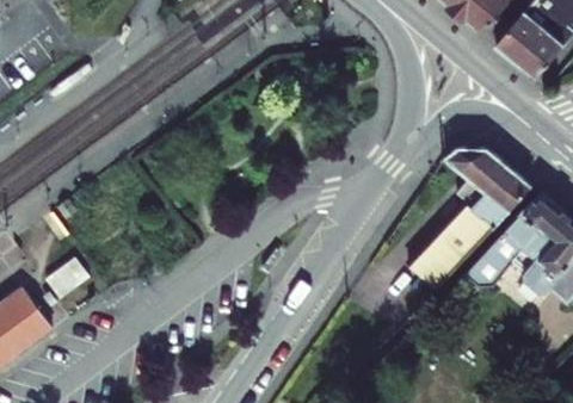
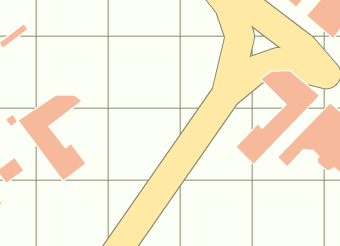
building: none -> [18,95,86,181]

